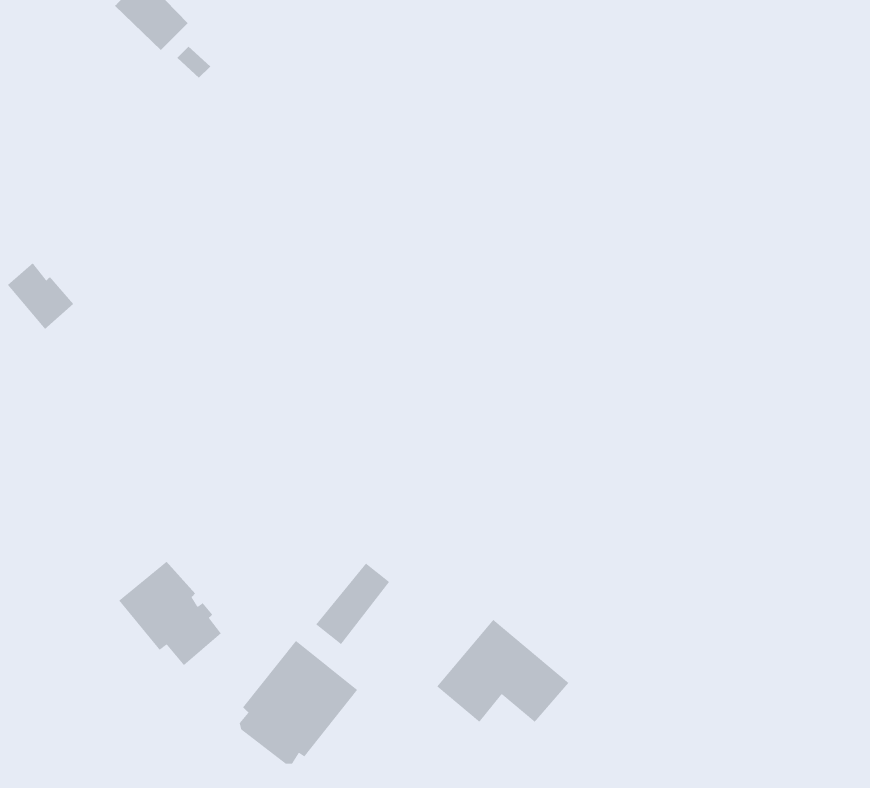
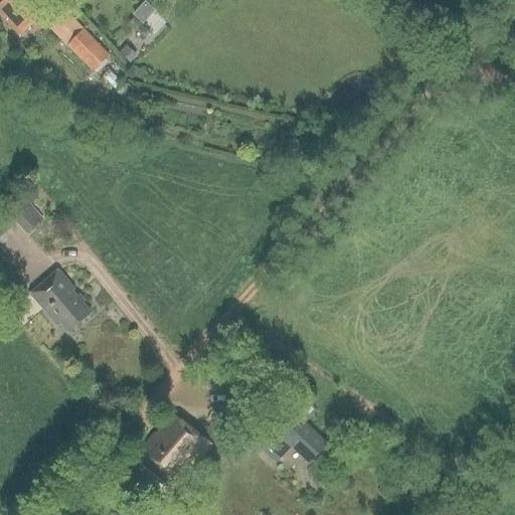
building: [118,561,222,666] -> [30,270,91,331]
building: [315,562,390,645] -> none

